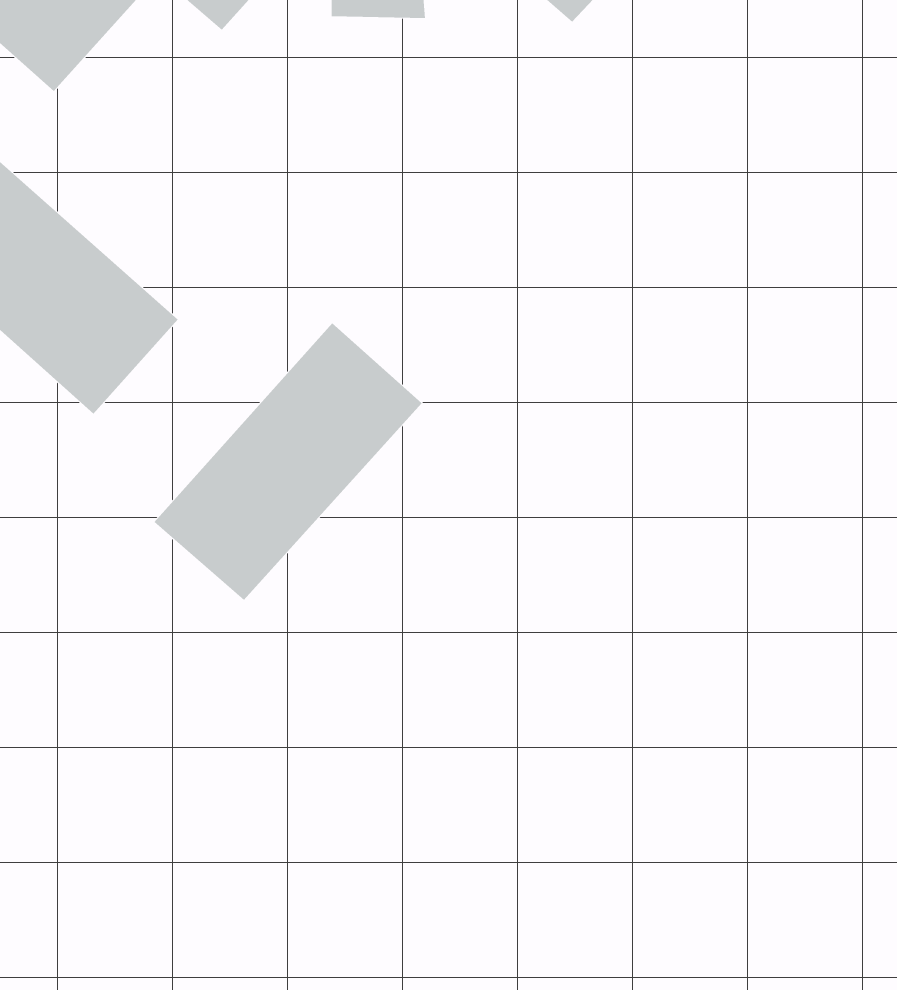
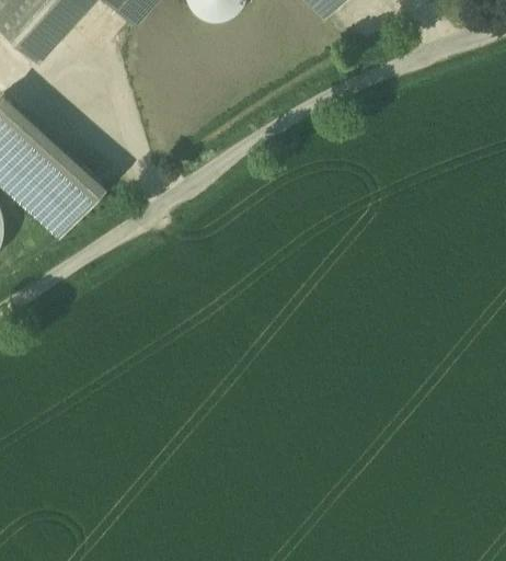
building: [153,322,423,601] -> none

